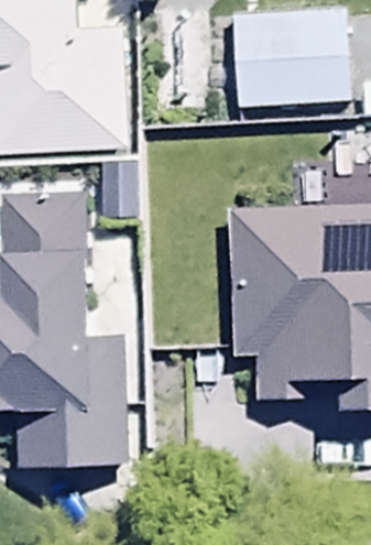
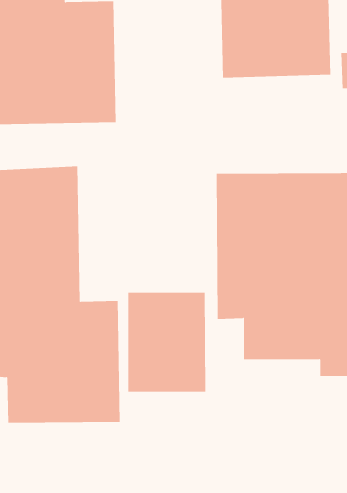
building: none -> [128,292,206,392]

